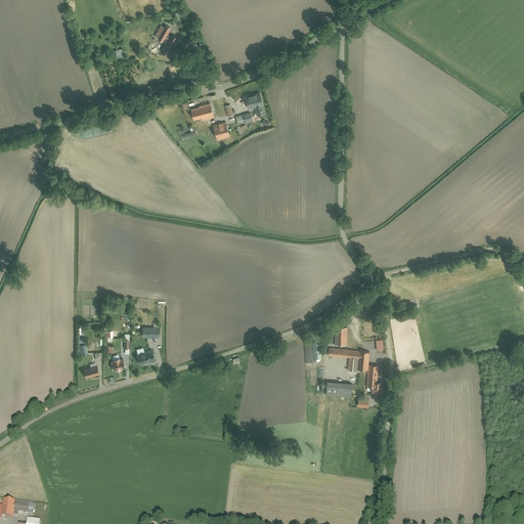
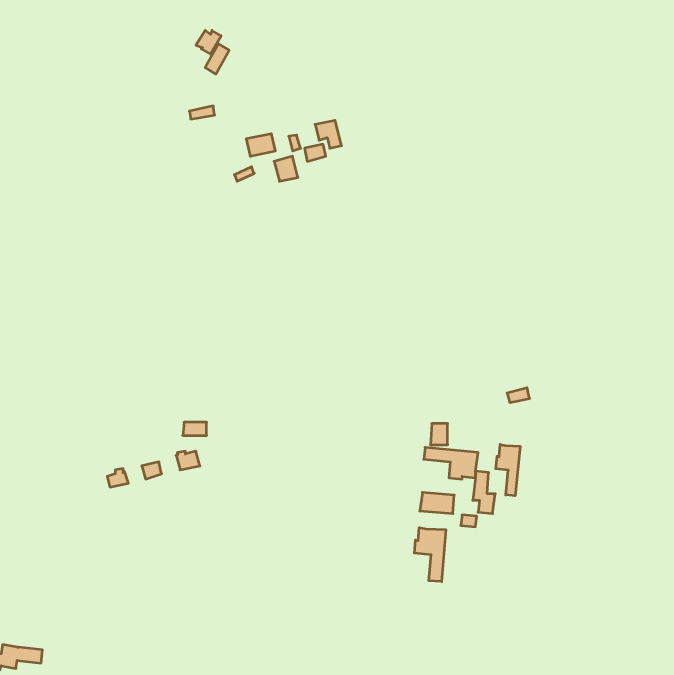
building: none -> [496,444,520,496]
building: none -> [414,528,446,582]

